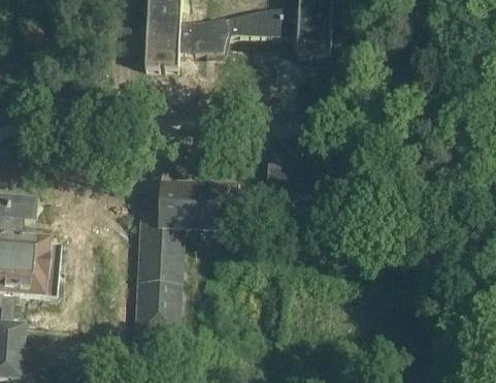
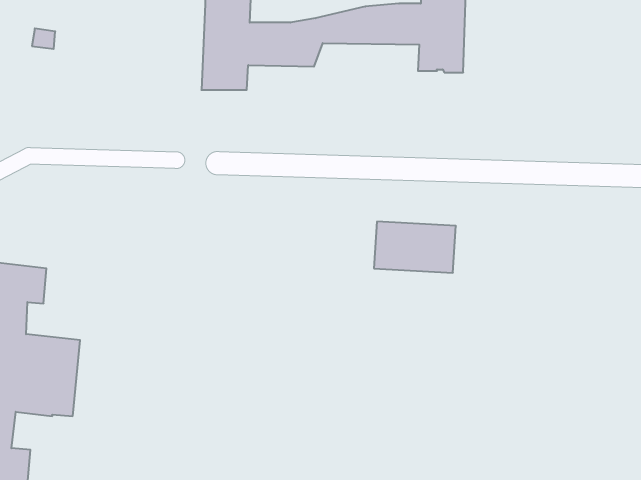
building: [134,182,239,336] -> none

